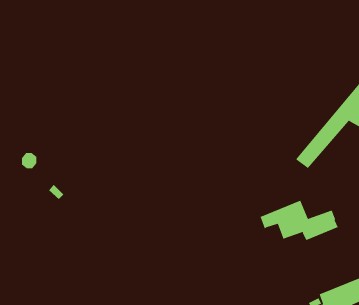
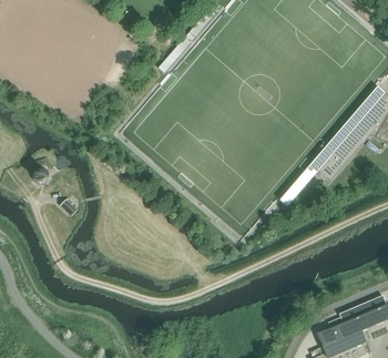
building: [260,200,339,241] -> none

